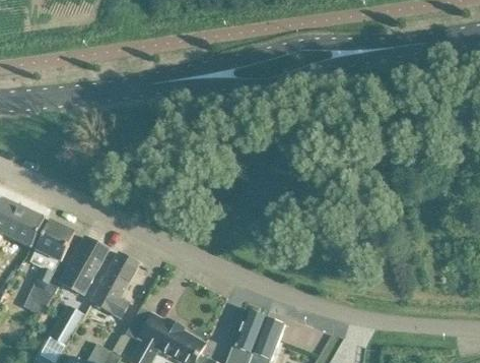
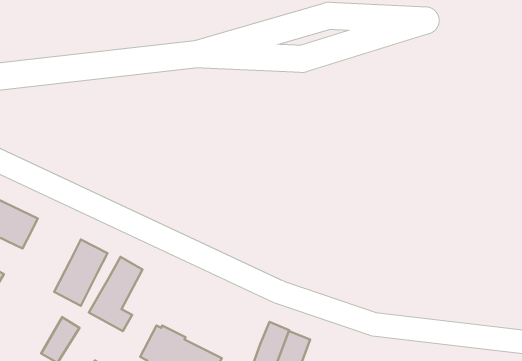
building: [24,220,74,314] -> none

